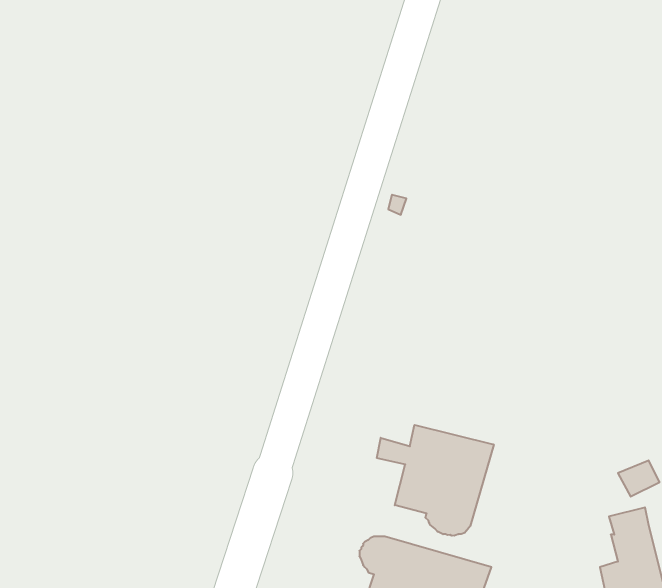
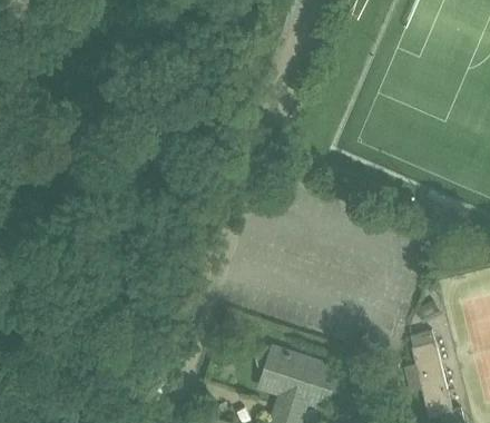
building: [377,425,494,536] -> none

